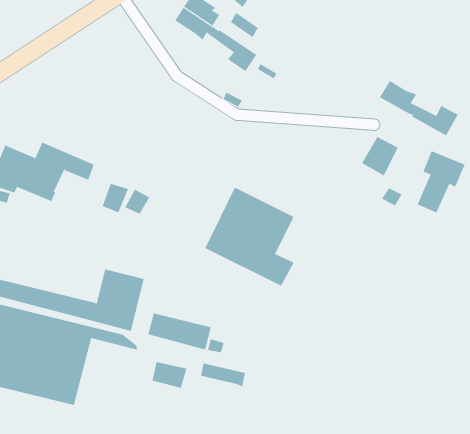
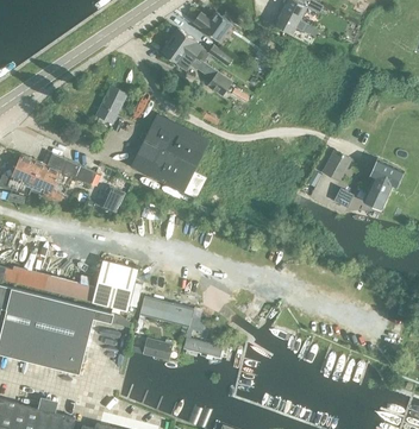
building: none -> [95,87,126,122]
building: [379,80,458,136] -> none
building: [205,187,294,287] -> [132,115,207,198]

